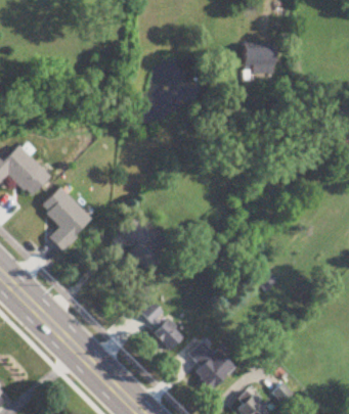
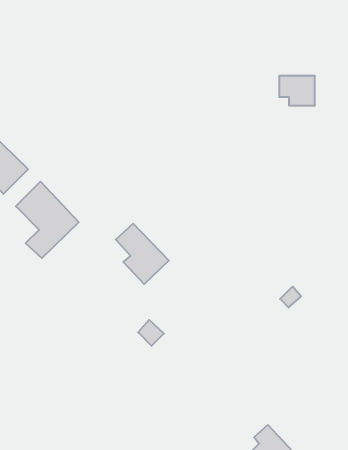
building: [246,48,275,73] -> [279,76,315,106]
building: [154,319,183,350] -> none
building: [187,337,233,389] -> none

